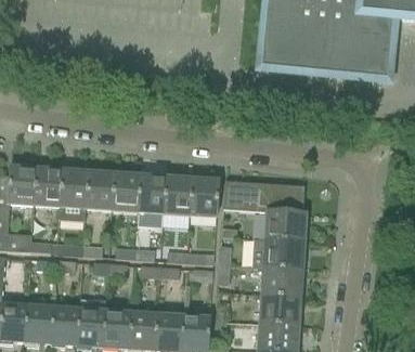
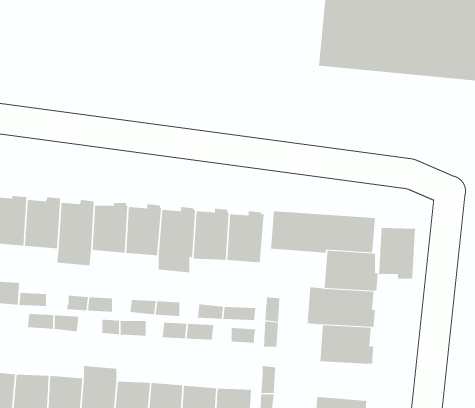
building: none -> [378,227,416,280]
building: [259,295,301,325] -> none

